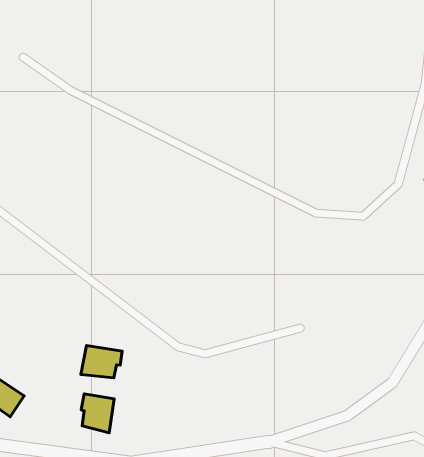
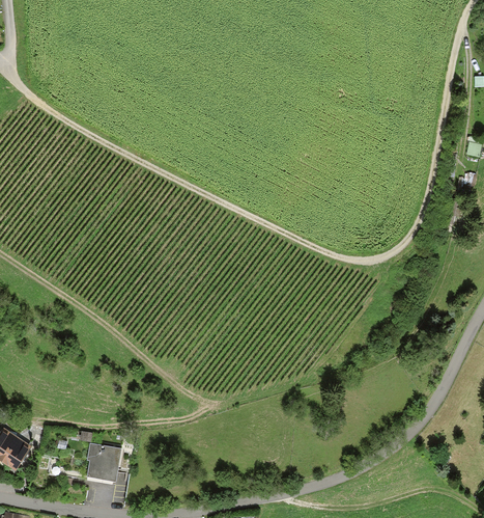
building: [81,345,122,378] -> none

